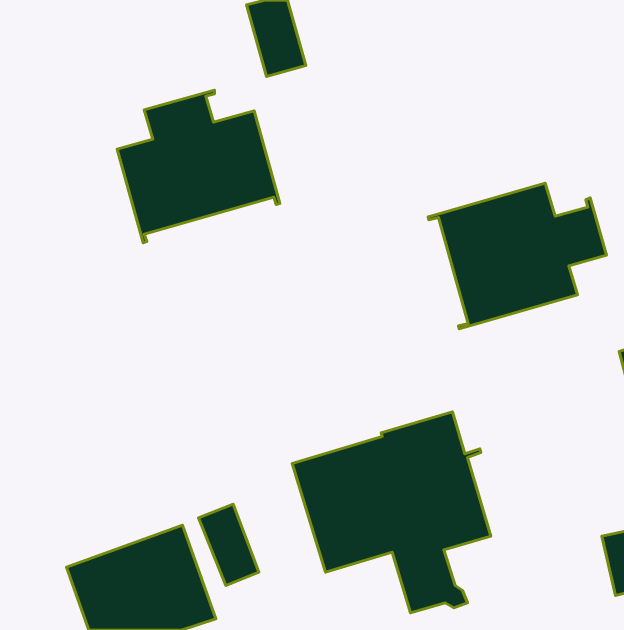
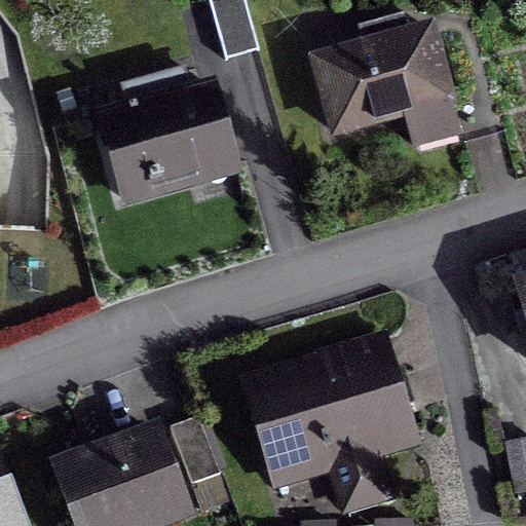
building: none -> [316,25,451,136]
building: [428,183,606,329] -> none

